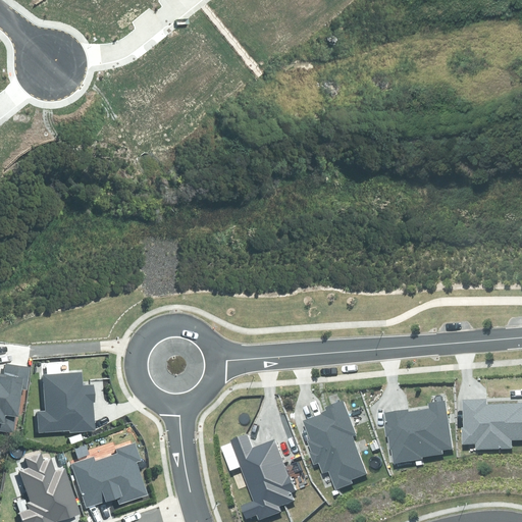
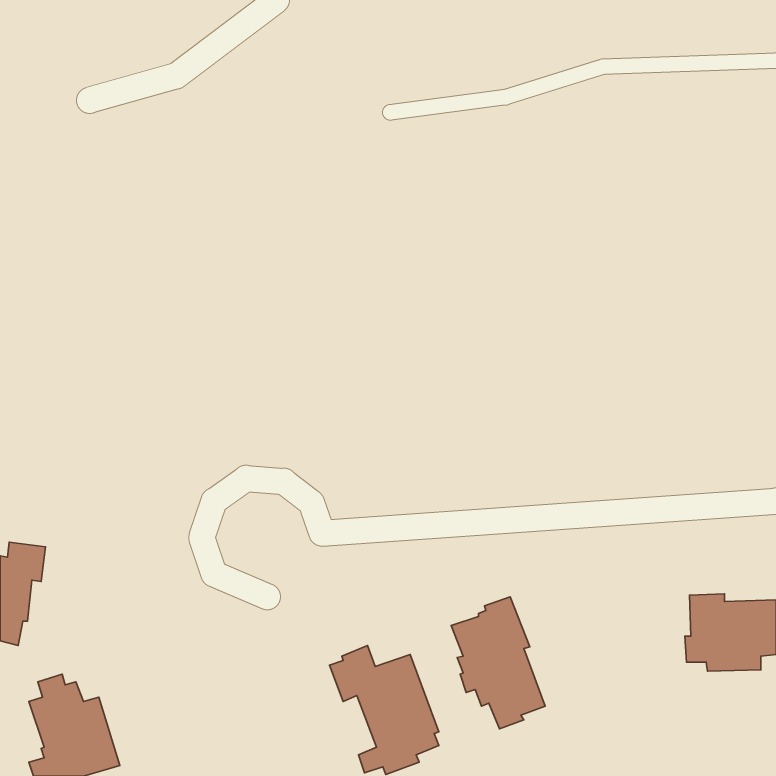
building: [37,372,95,433] -> none
building: [384,401,452,463] -> none
building: [71,441,148,508] -> none

